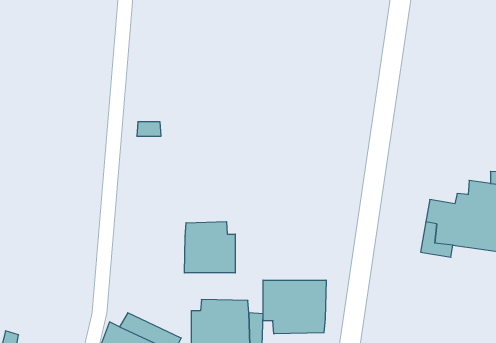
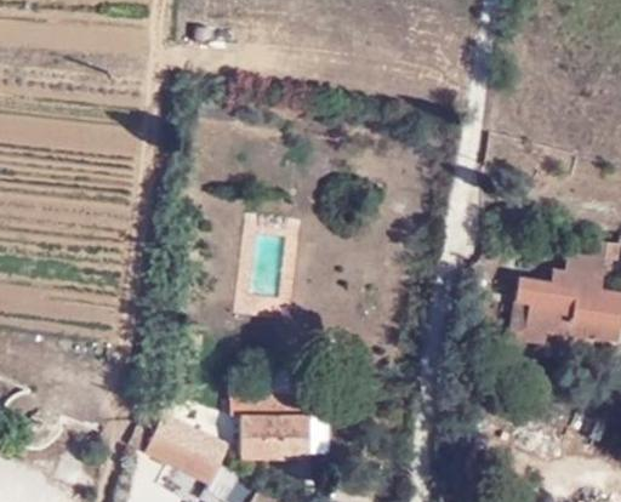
building: [184,222,235,273] -> none
building: [263,280,326,334] -> none

